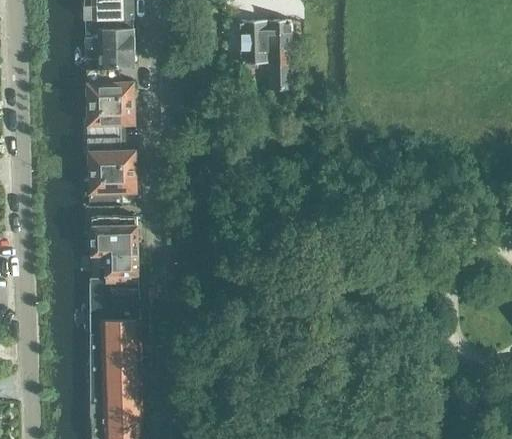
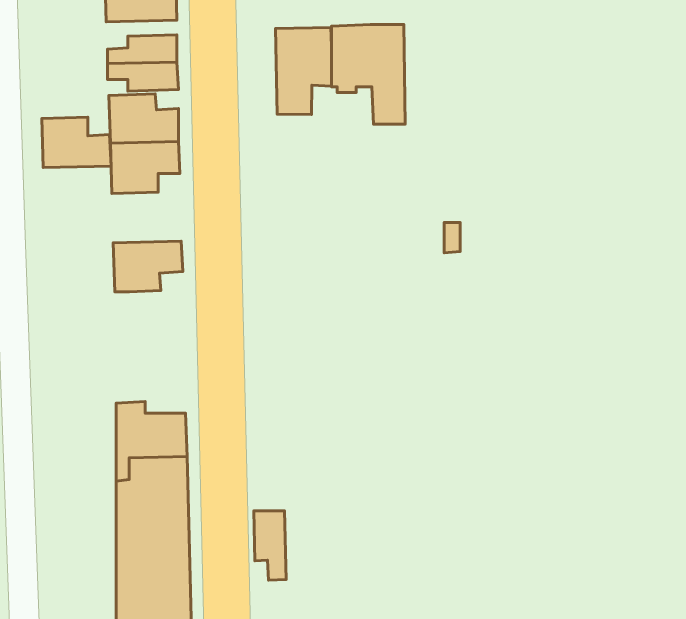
building: none -> [275,28,332,114]
building: [88,138,136,173] -> [42,117,111,168]
building: [90,207,139,284] -> none
building: none -> [254,511,286,580]

